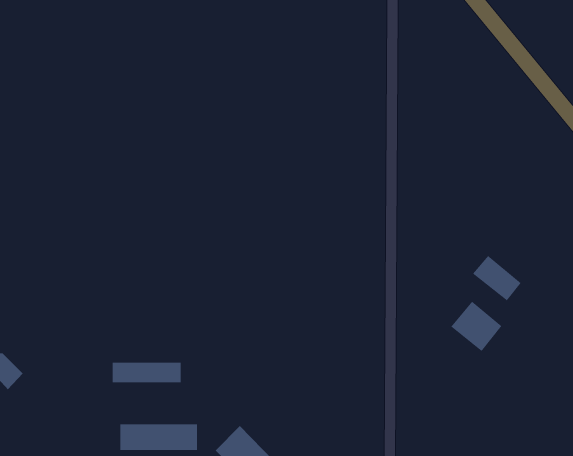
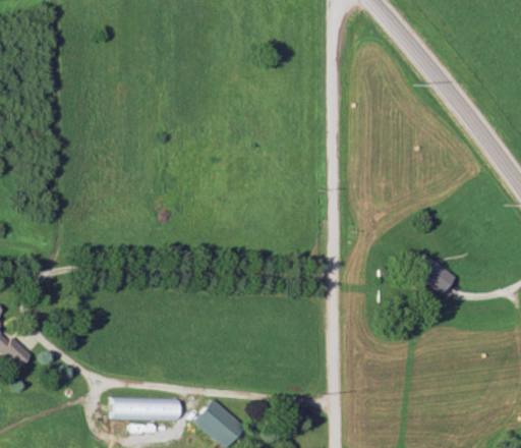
building: [450,301,502,352] -> none
building: [112,362,181,383] -> none

